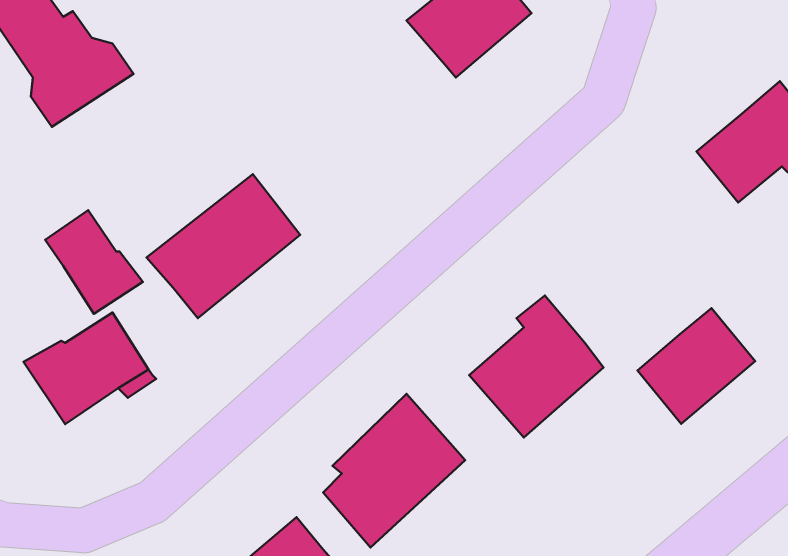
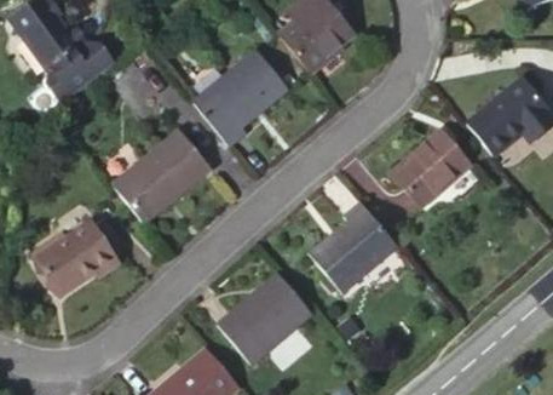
building: none -> [190,48,287,147]
building: [45,210,143,314] -> none
building: [638,308,755,424] -> [397,131,472,205]

